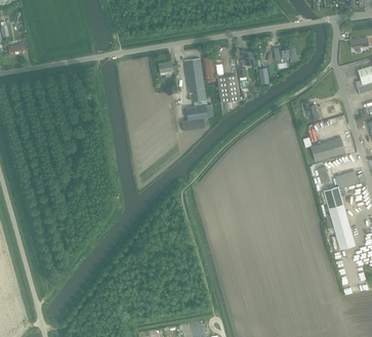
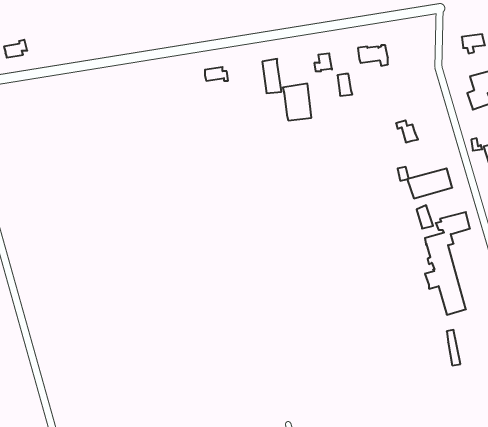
building: [180,57,212,130] -> none

